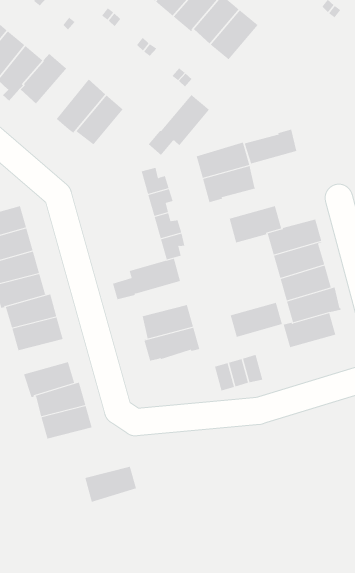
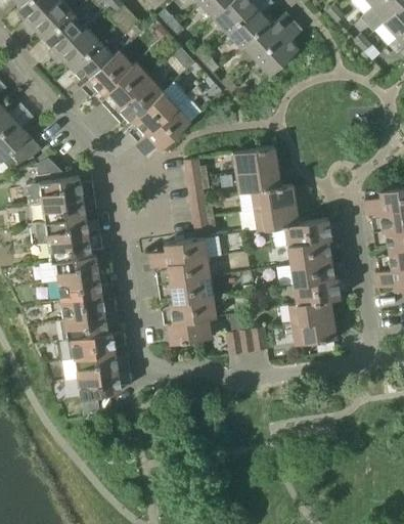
building: none -> [103,62,150,107]
building: [148,94,210,156] -> [135,106,191,156]
building: [244,129,297,164] -> [252,184,296,210]
building: none -> [168,258,211,283]
building: [230,302,283,337] -> [293,319,336,345]
building: none -> [62,295,104,320]
building: none -> [168,317,212,345]
building: [85,466,137,502] -> [78,373,121,399]

